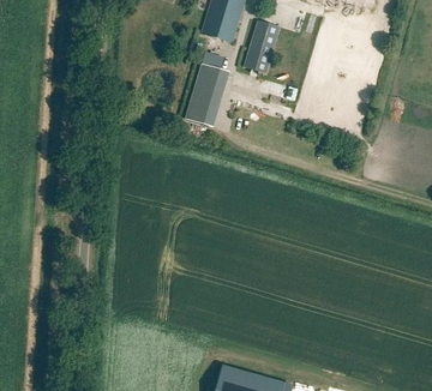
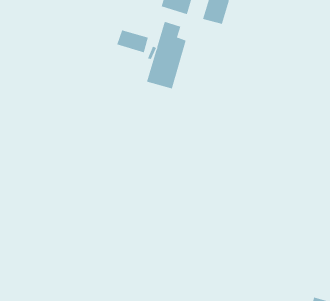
building: none -> [116,29,148,53]

